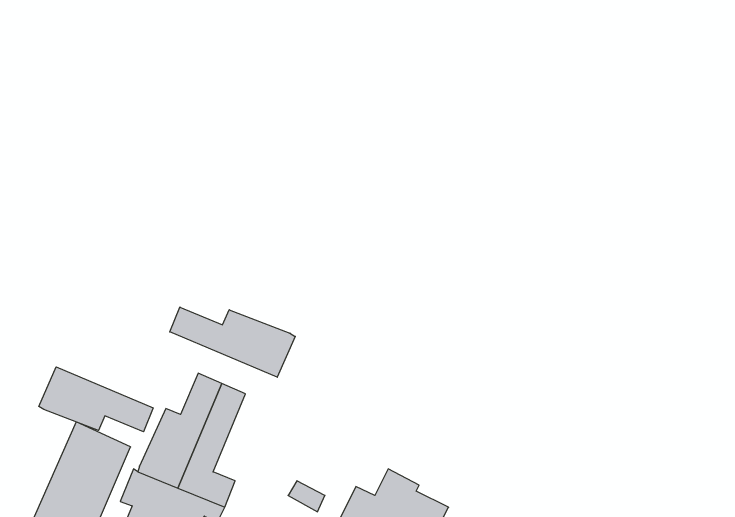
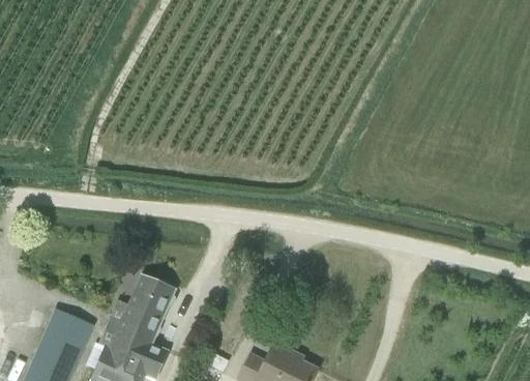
building: [170,307,295,377] -> none
building: [39,367,153,432] -> none

